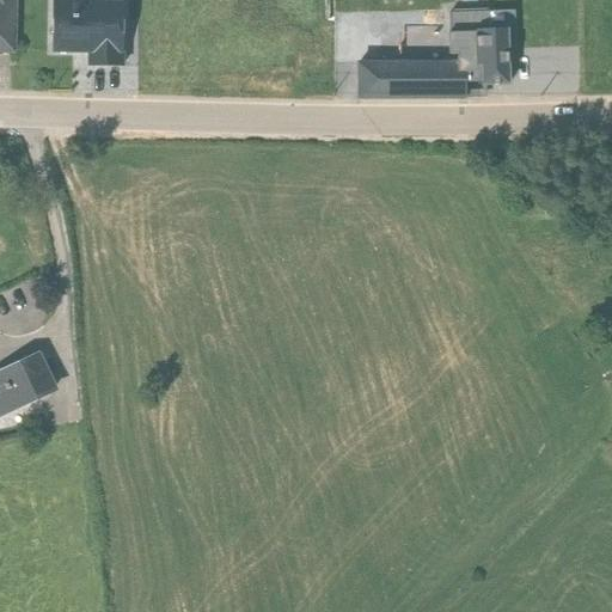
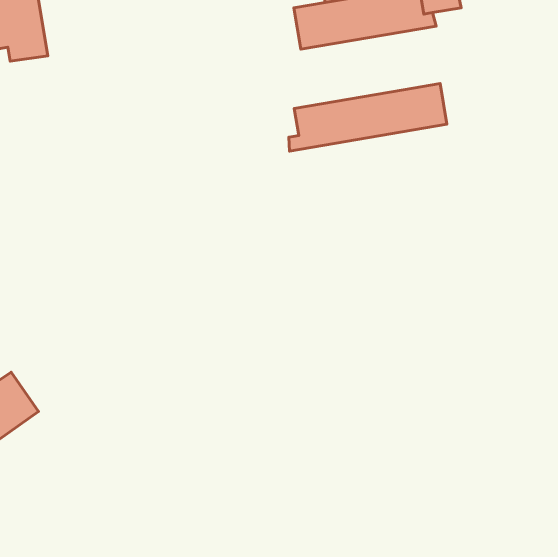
building: none -> [289,84,447,151]

